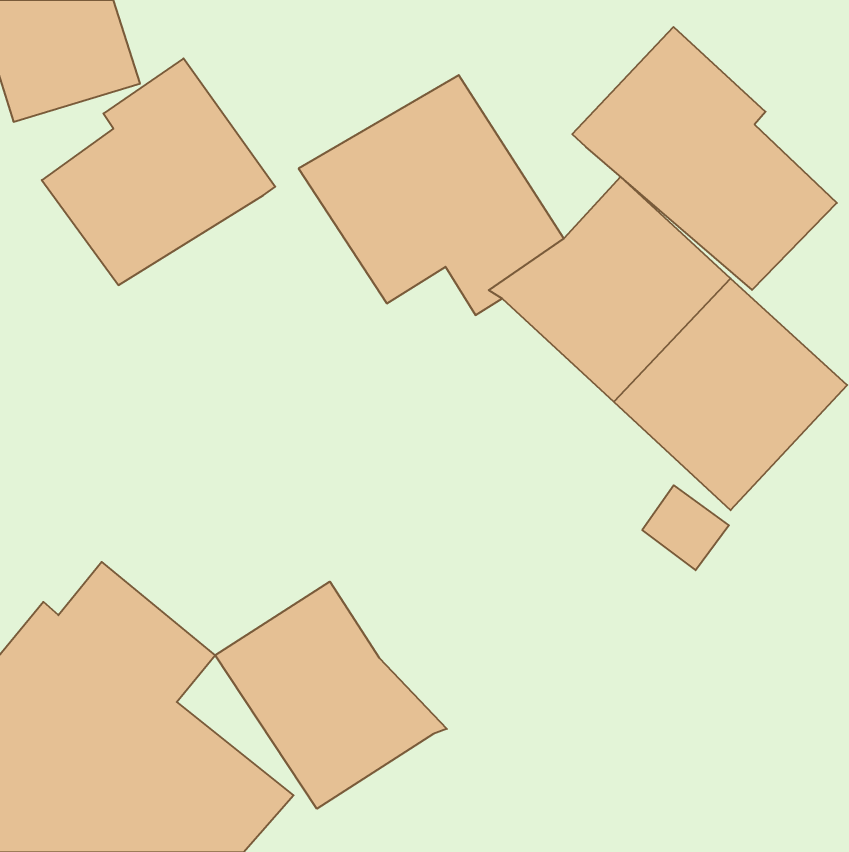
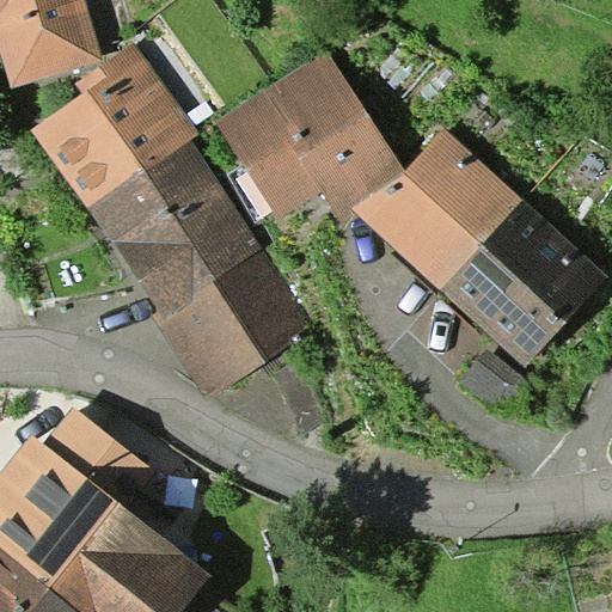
building: [572,27,837,290] -> none
building: none -> [85,140,313,399]
building: [215,582,447,809] -> none

